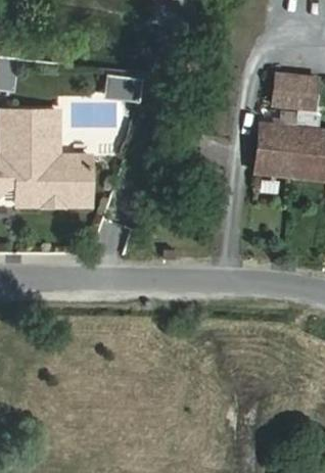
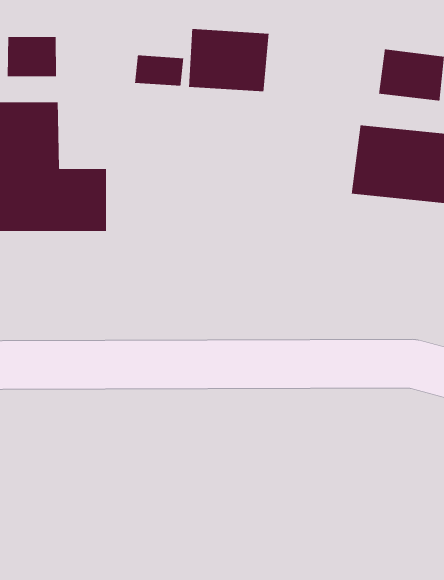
building: none -> [188,28,269,92]
building: none -> [7,36,57,77]

